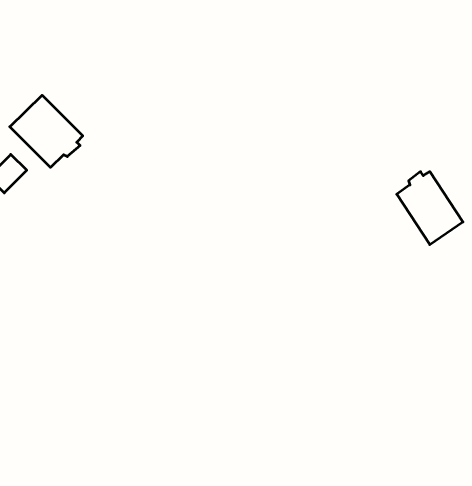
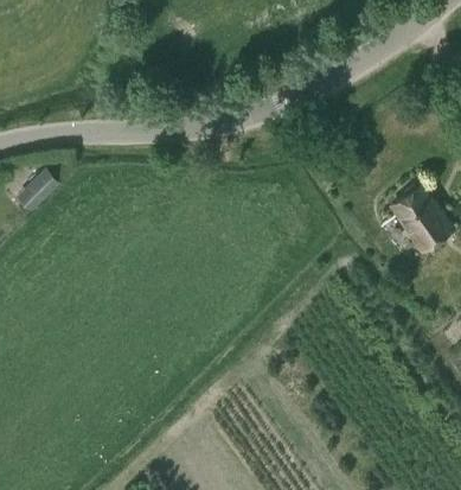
building: [10,95,83,167] -> none

